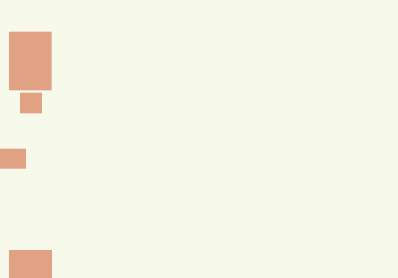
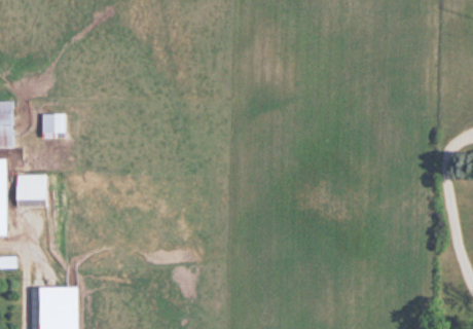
building: [8,31,52,91] -> none

